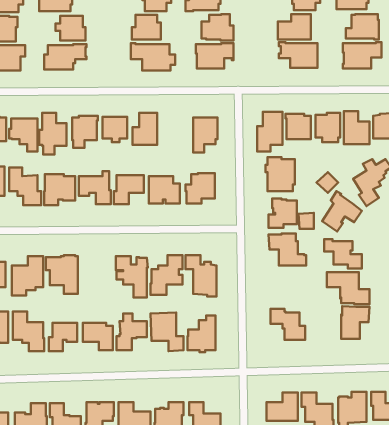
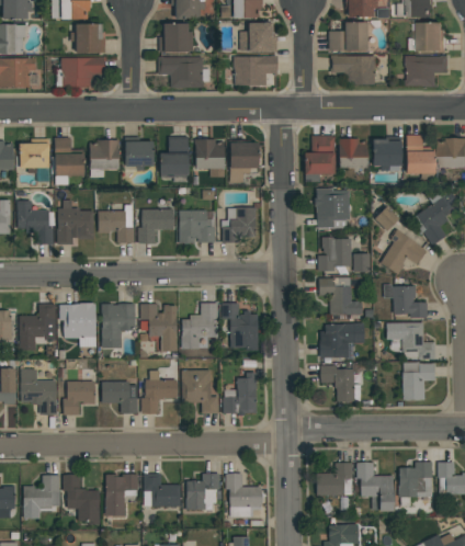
building: none -> [195,139,225,177]
building: none -> [102,304,136,349]
building: none -> [320,323,364,357]

